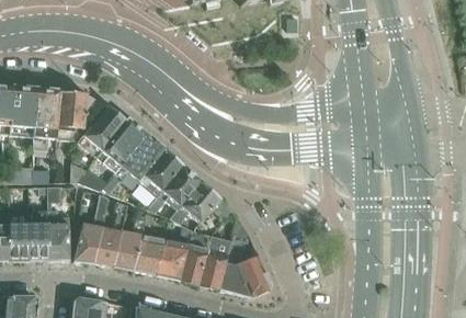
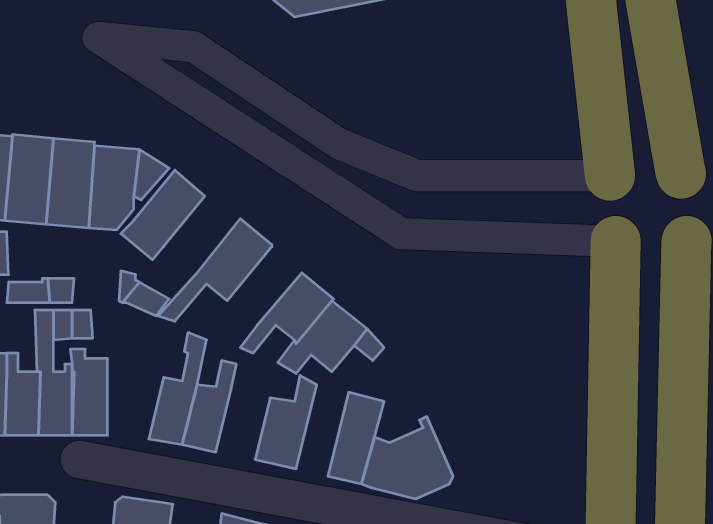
building: [95,117,147,171] -> none
building: [139,149,183,195] -> none
building: [72,193,109,262] -> none
building: [180,230,208,284] -> none
building: [133,234,164,274] -> none

